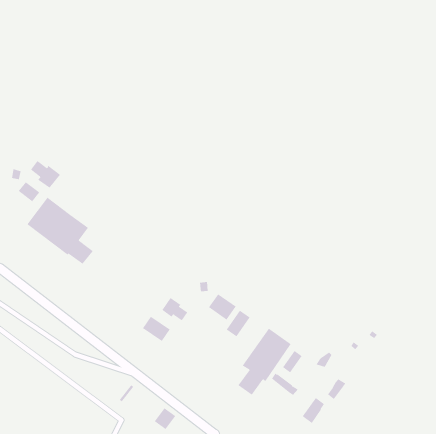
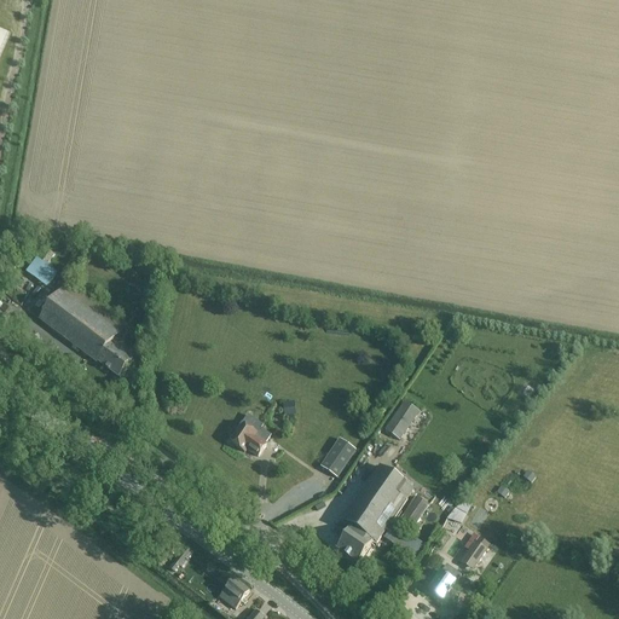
building: [30,160,61,189] -> none
building: none -> [383,398,417,436]
building: [208,293,237,320] -> none
building: [142,316,170,342] -> none

